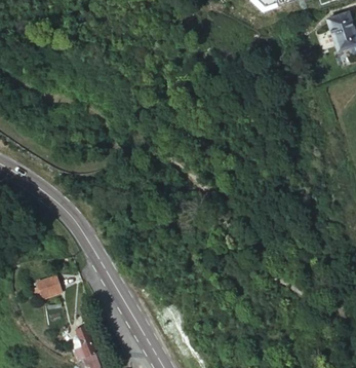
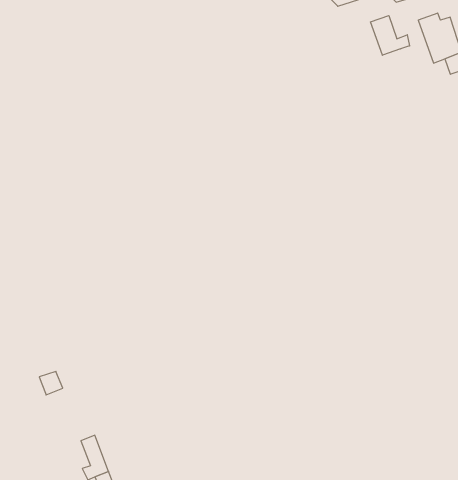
building: none -> [371,16,410,55]

